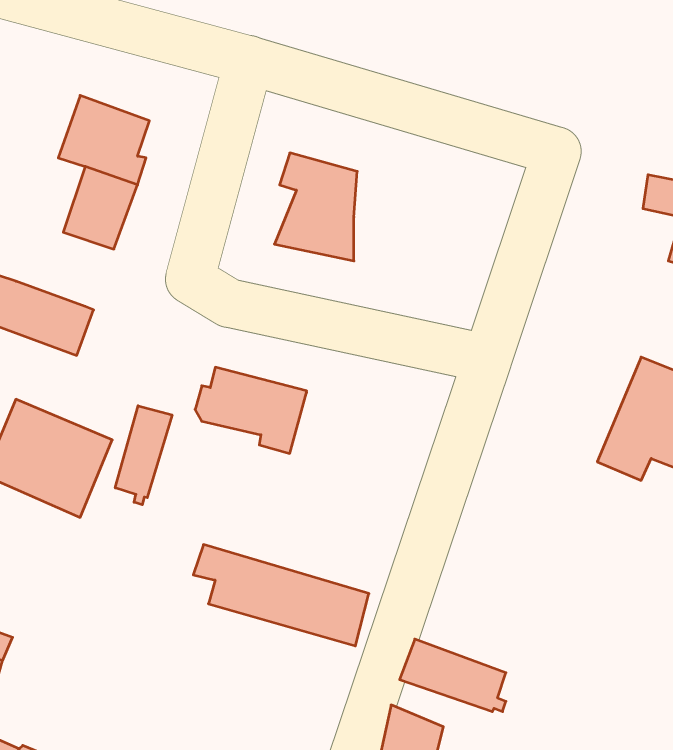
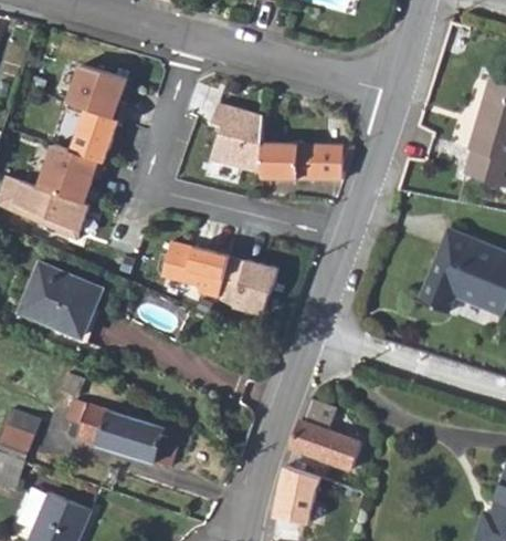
building: none -> [261,143,342,180]
building: none -> [40,146,104,201]
building: none -> [219,258,277,315]
building: [115,406,172,505] -> none
building: [193,545,369,646] -> [65,399,180,466]

